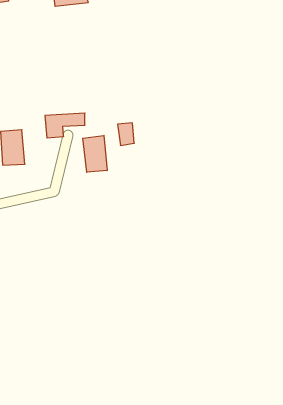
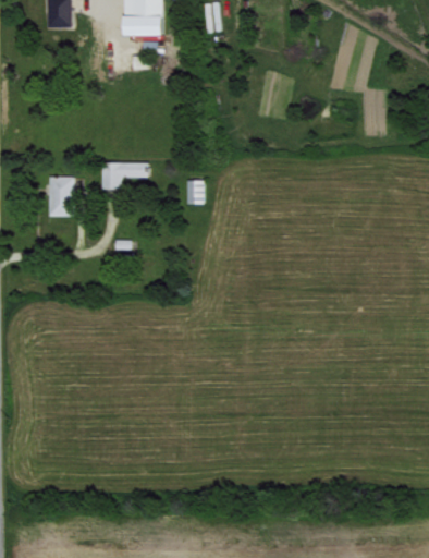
building: [83,135,107,172] -> none

